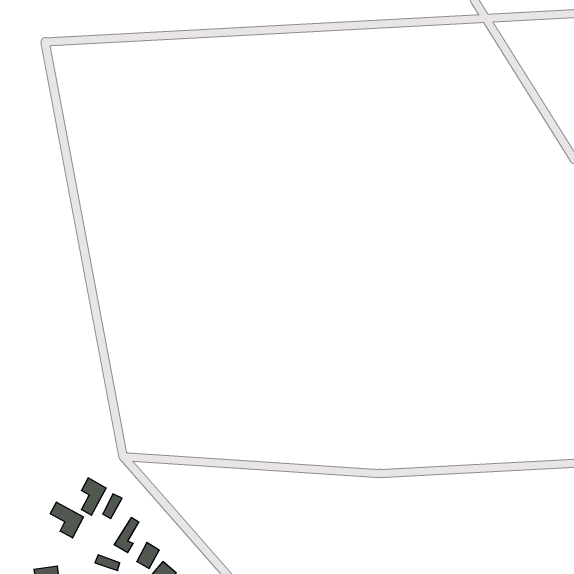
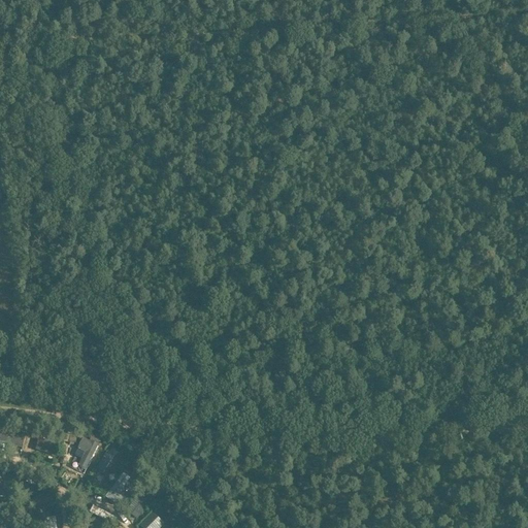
building: [50,502,84,538] -> none

